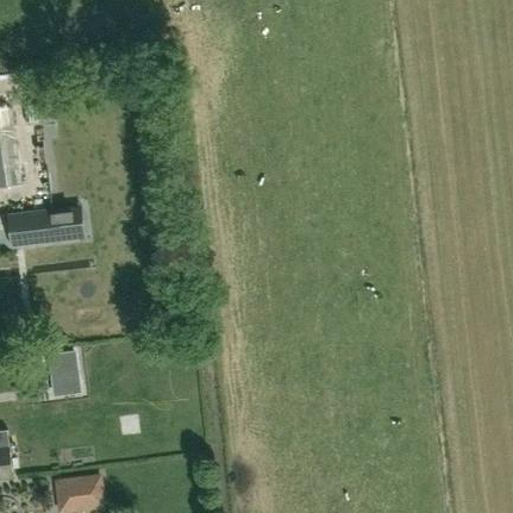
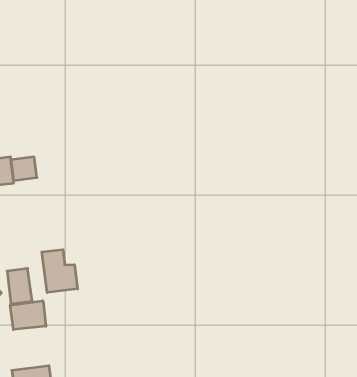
building: none -> [42,250,78,293]
building: none -> [10,301,46,330]

